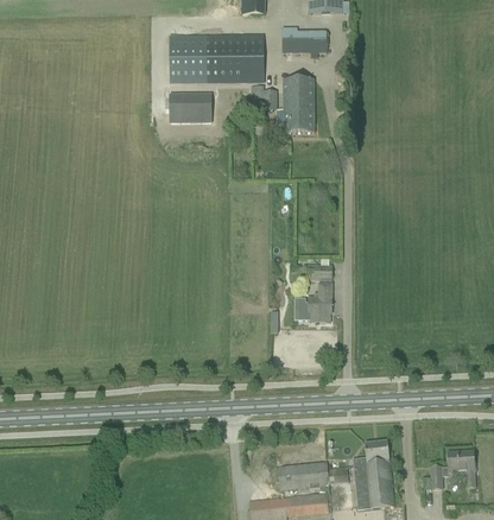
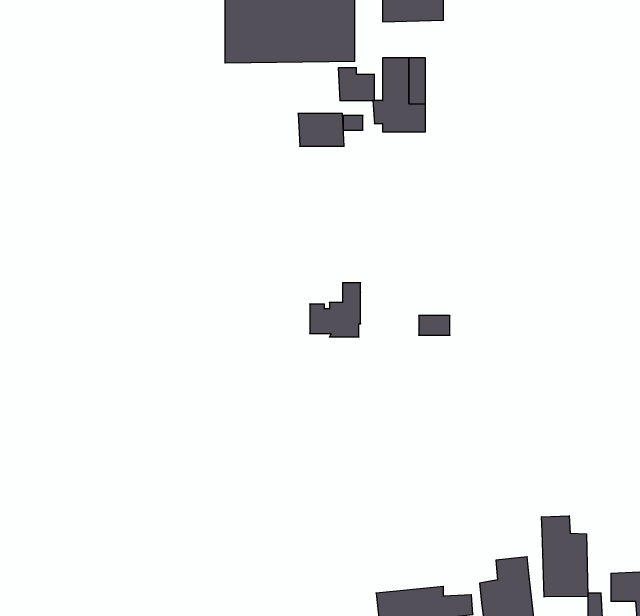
building: [178,95,211,119] -> [298,113,344,146]
building: [294,284,331,323] -> [310,283,361,337]
building: none -> [542,516,588,597]

